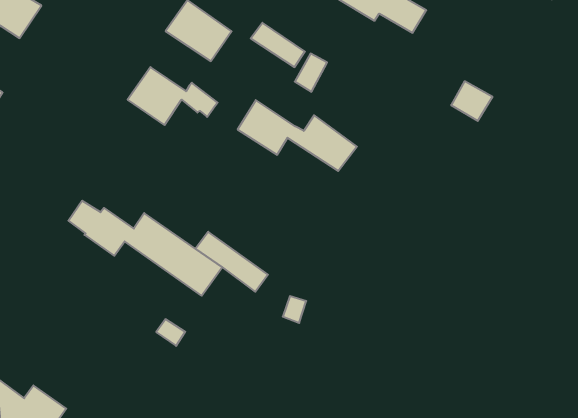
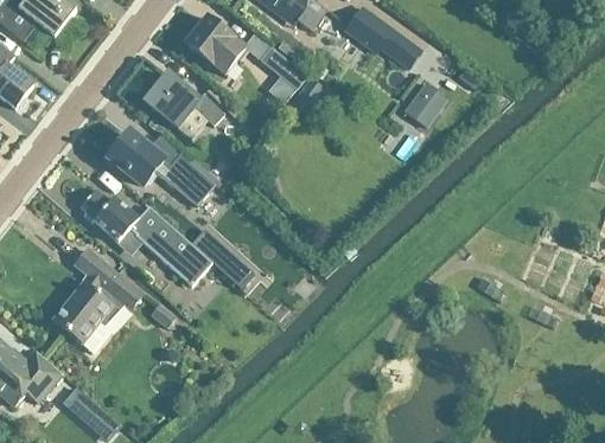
building: [451,81,493,121] -> [410,81,448,117]
building: [238,100,357,171] -> [109,133,215,204]
building: none -> [52,249,142,352]

